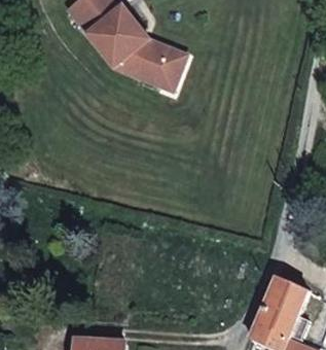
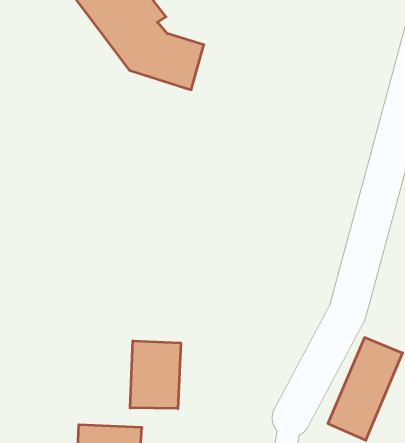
building: [134,36,184,94] -> none
building: none -> [130,341,181,409]

